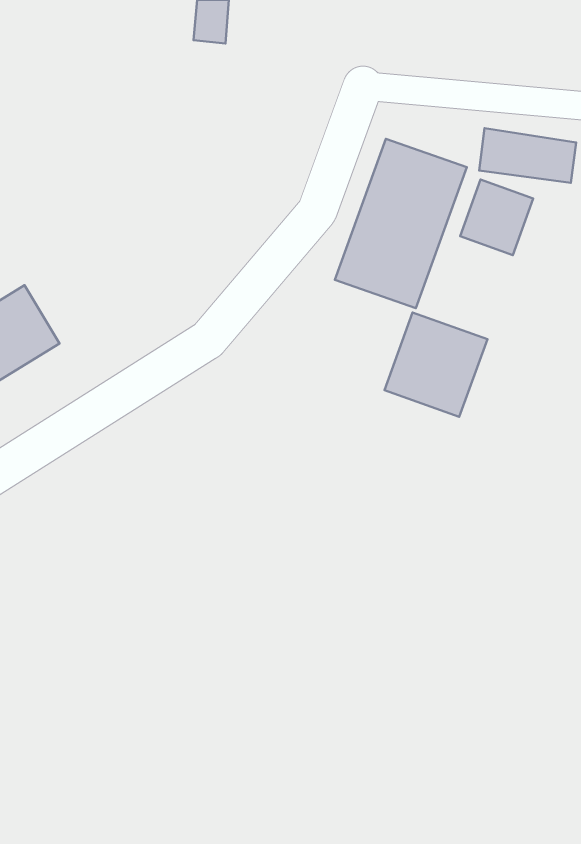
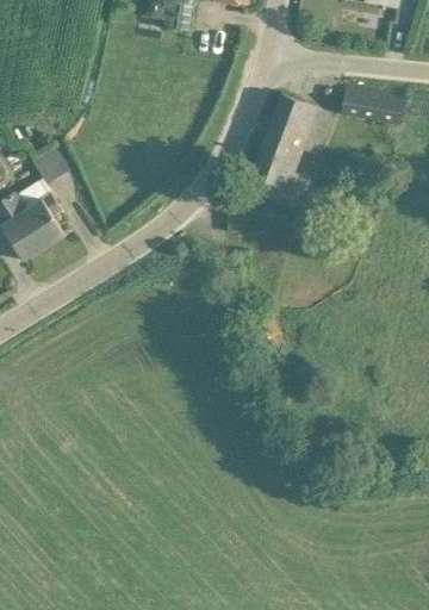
building: [460,179,533,255] -> none
building: [384,312,487,417] -> none

